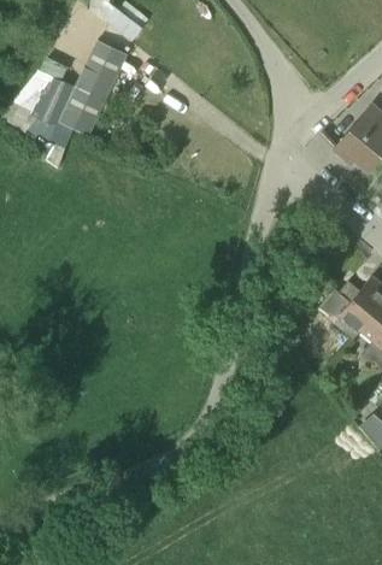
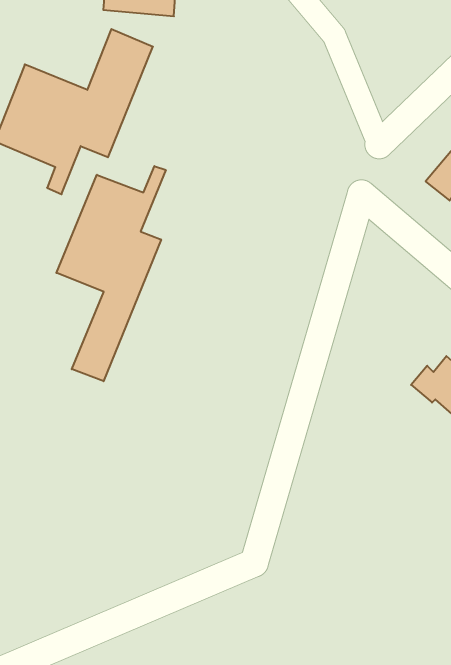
building: none -> [56,166,166,381]

